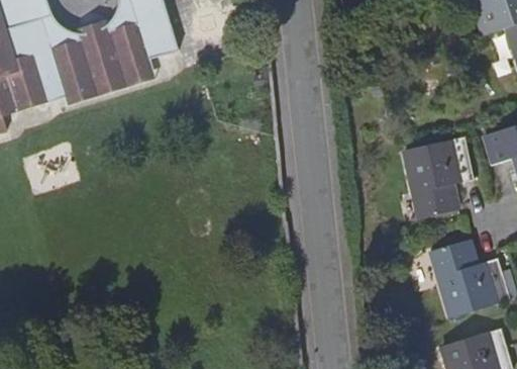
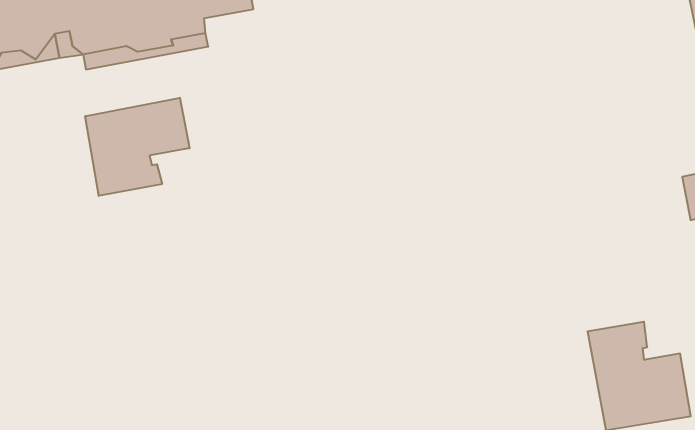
building: none -> [85,98,190,196]
building: [405,137,474,218] -> none

